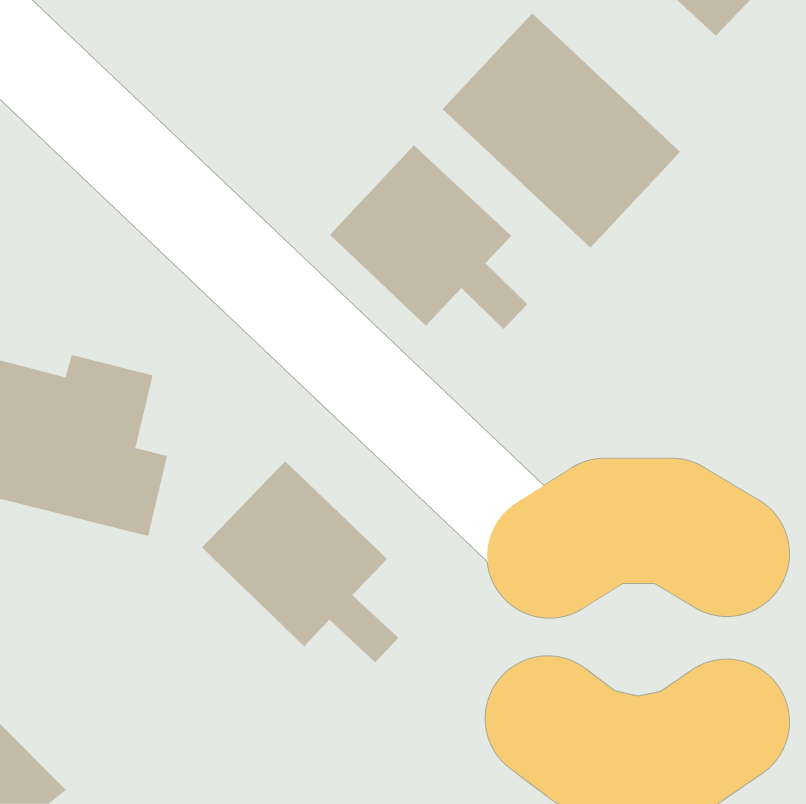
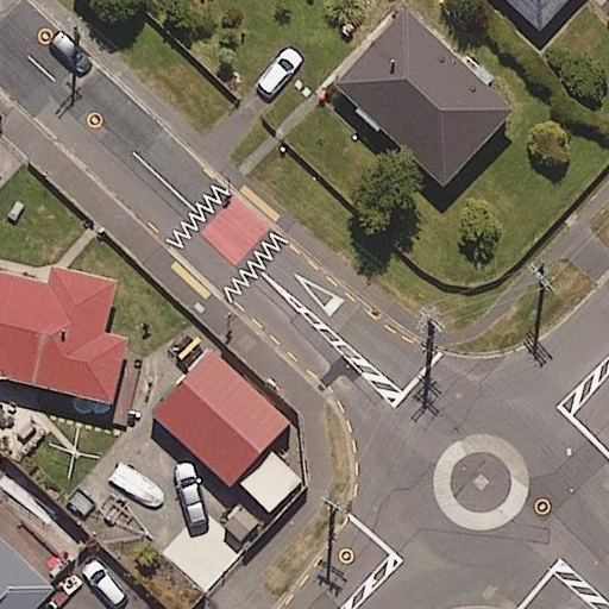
building: [329,144,528,330] -> none

